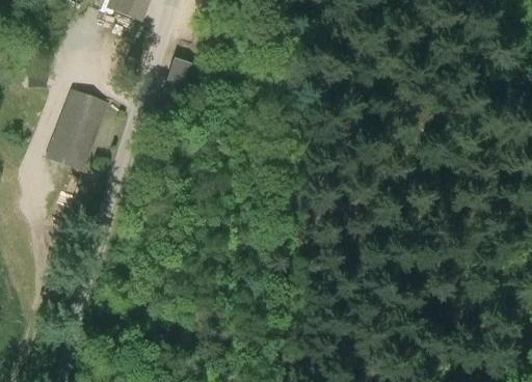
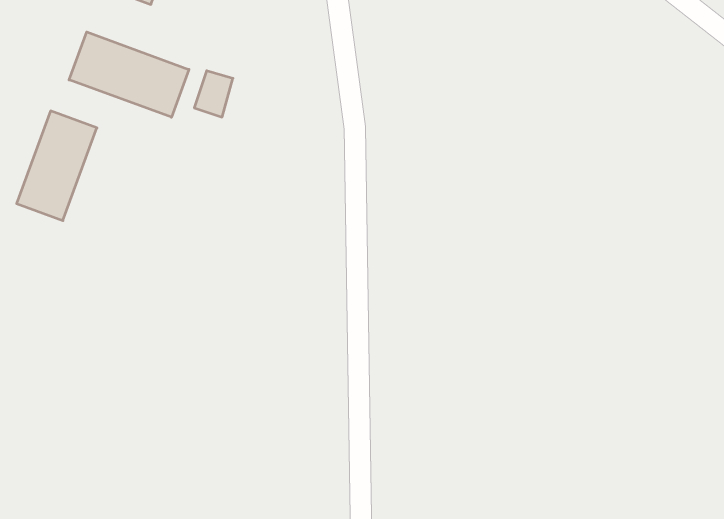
building: none -> [69,32,189,117]

